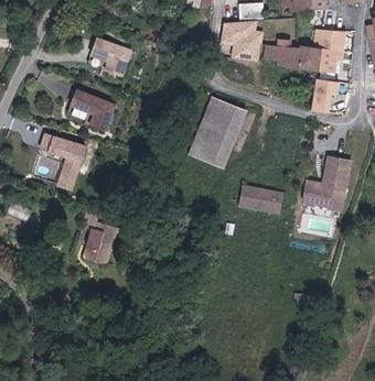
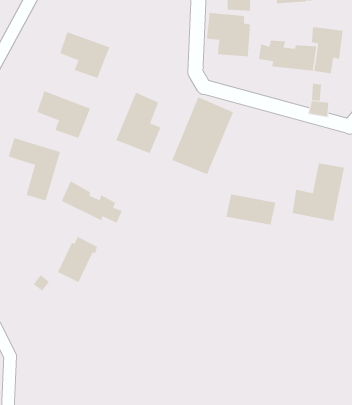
building: none -> [116,92,161,154]
building: none -> [61,180,123,223]

